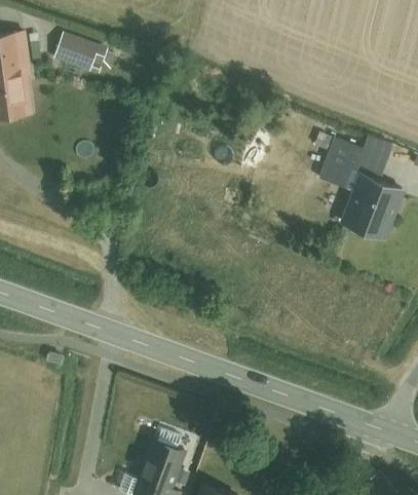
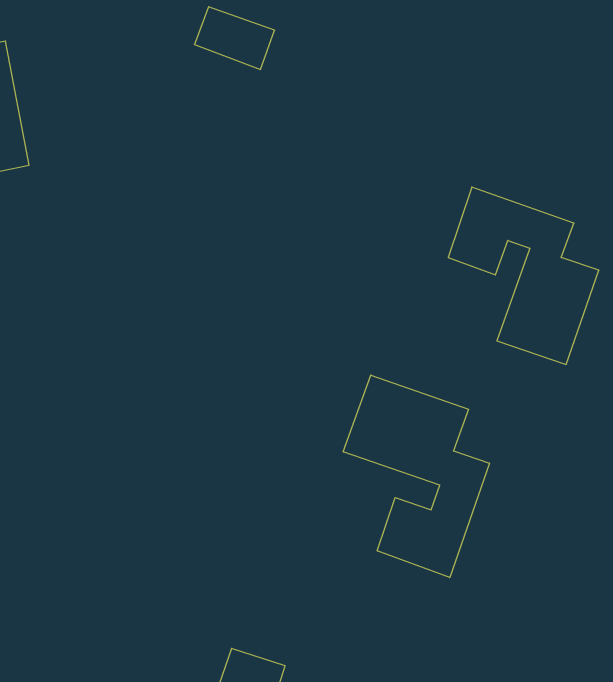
building: [67,33,119,74] -> [194,7,275,69]
building: none -> [343,375,489,578]

